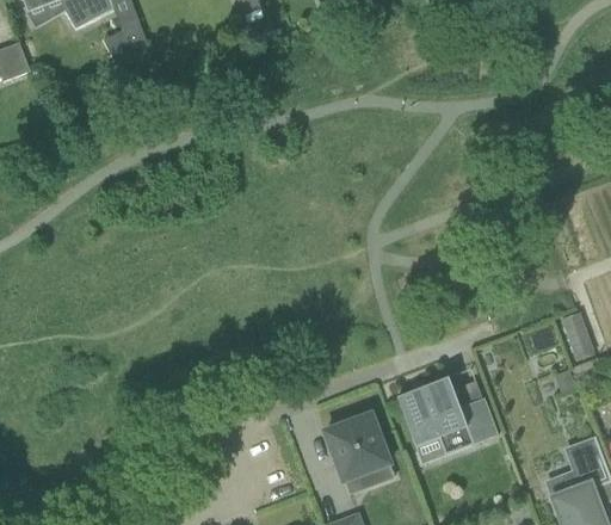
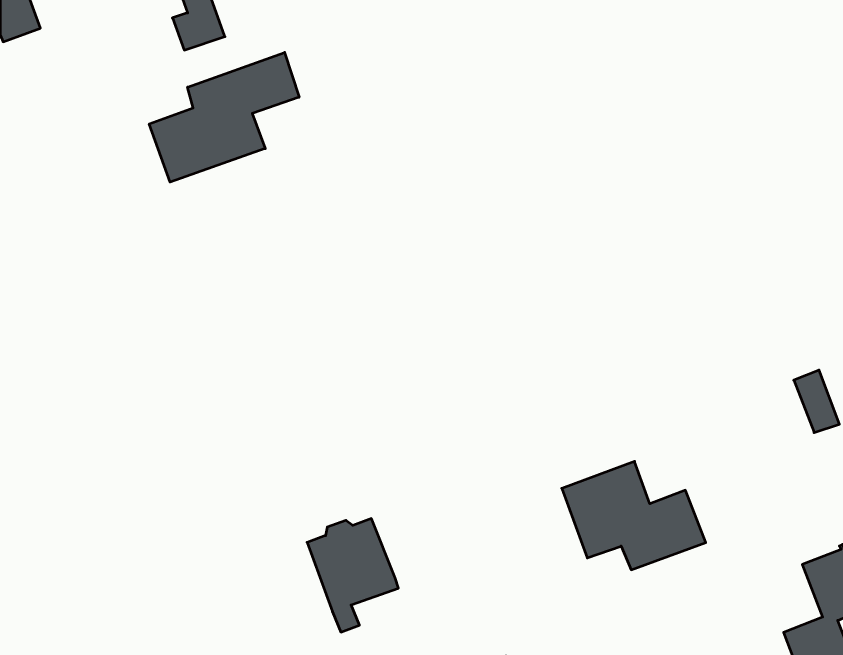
building: none -> [149,52,299,182]
building: [325,414,389,494] -> [307,519,398,632]

